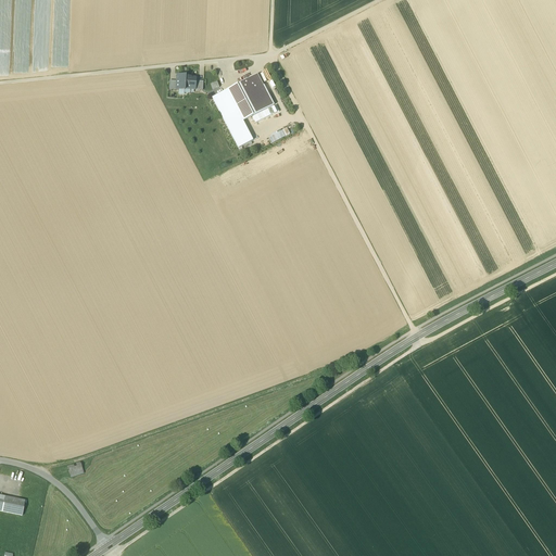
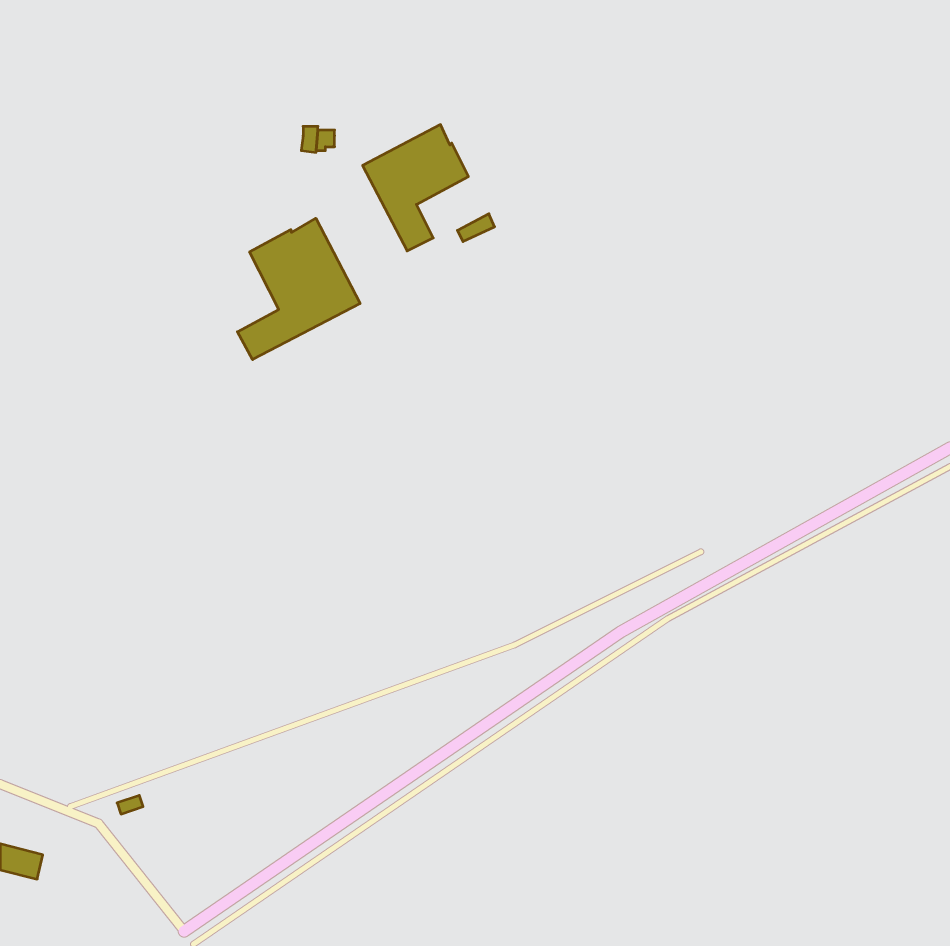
building: none -> [237,218,360,360]

